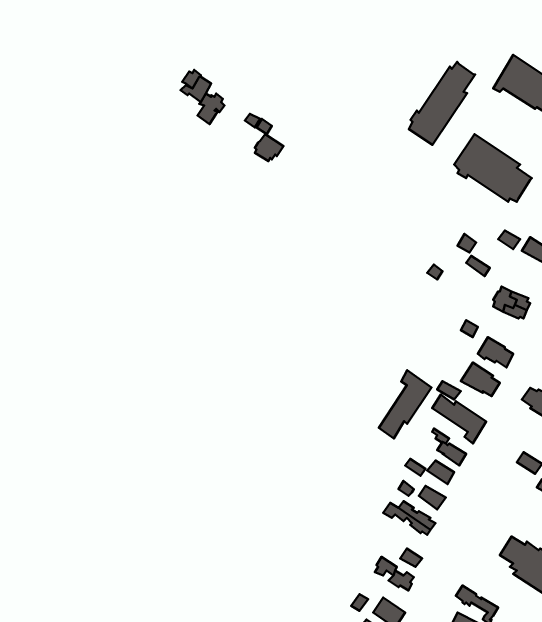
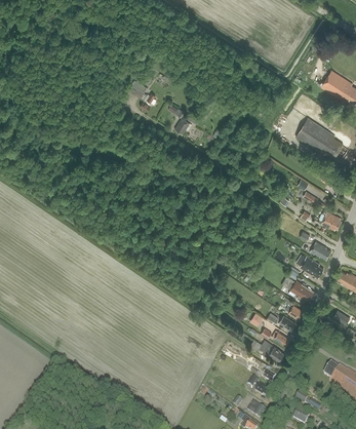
building: [409,62,475,145] -> none
building: [379,370,432,438] -> none

